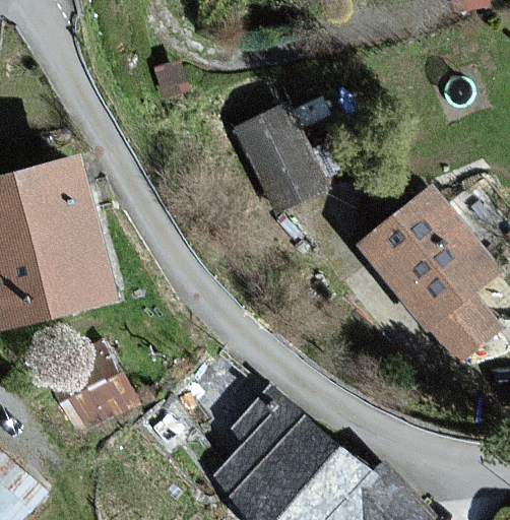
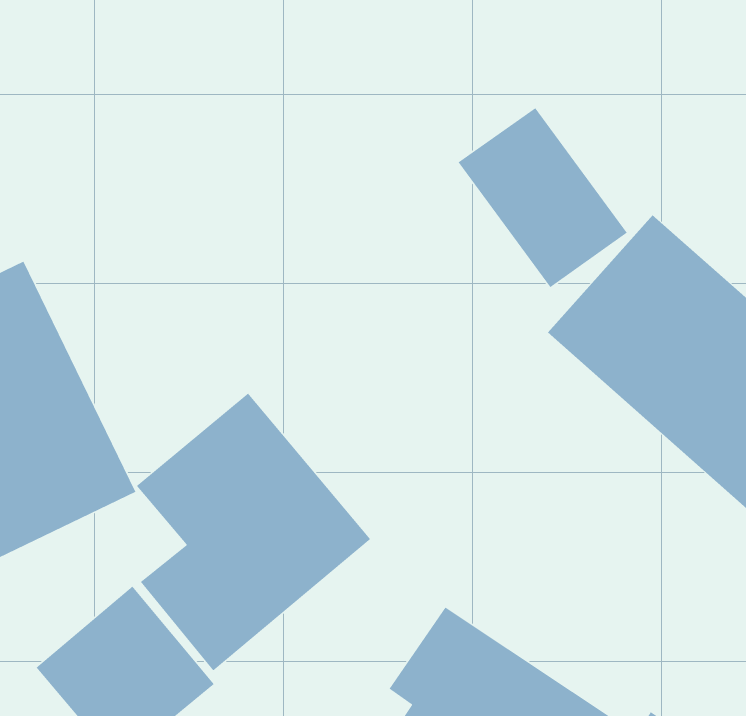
building: [236,108,324,210] -> [458,107,628,288]
building: none -> [136,393,371,671]

